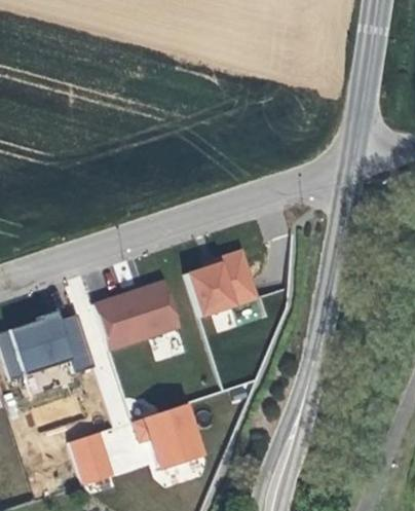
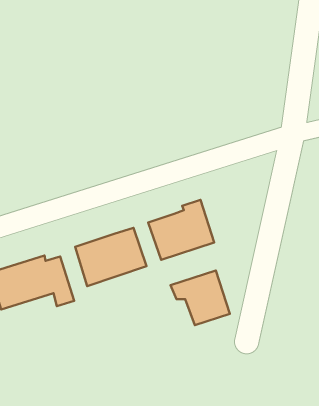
building: [130,404,200,469] -> [171,270,230,325]
building: [69,432,113,485] -> none

